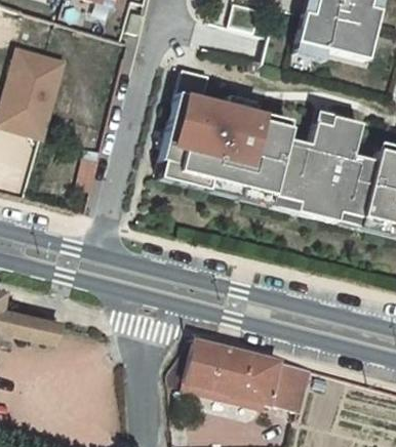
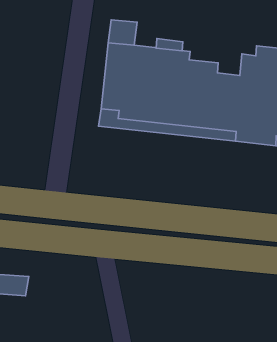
building: [183,338,311,411] -> none

